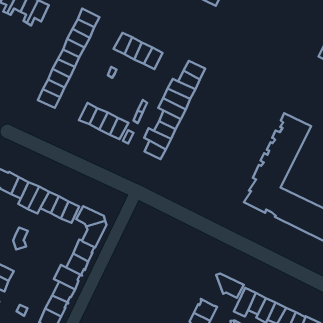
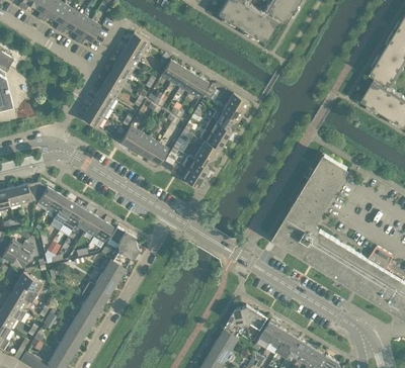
building: none -> [224,305,246,336]

